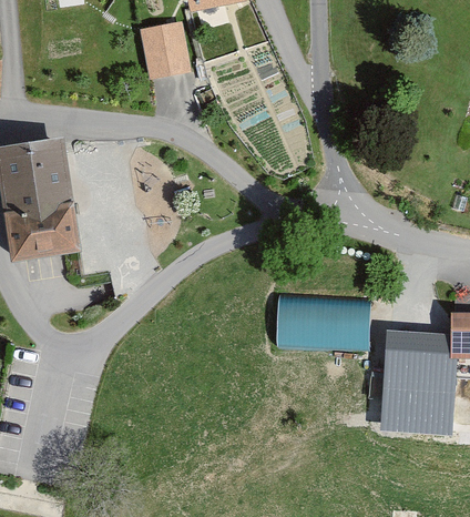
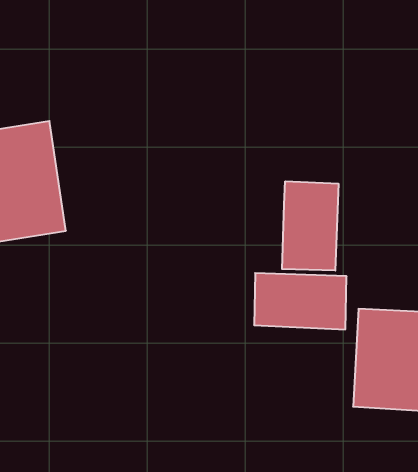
building: [139,22,186,77] -> none
building: none -> [282,181,338,271]

